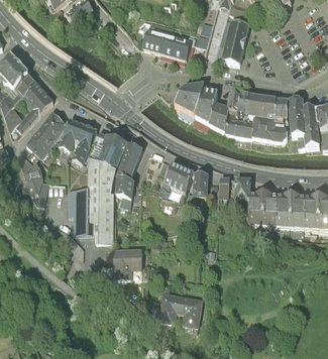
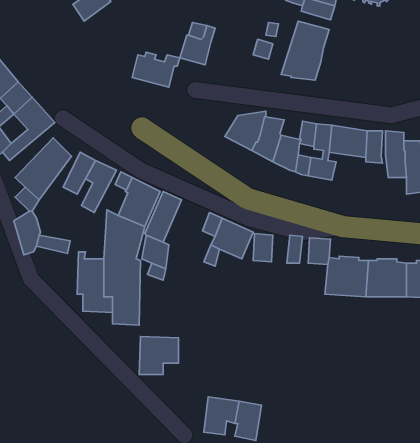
building: [160,35,195,61] -> [132,52,180,87]
building: [251,117,288,140] -> none

